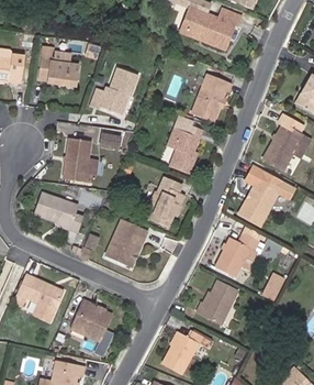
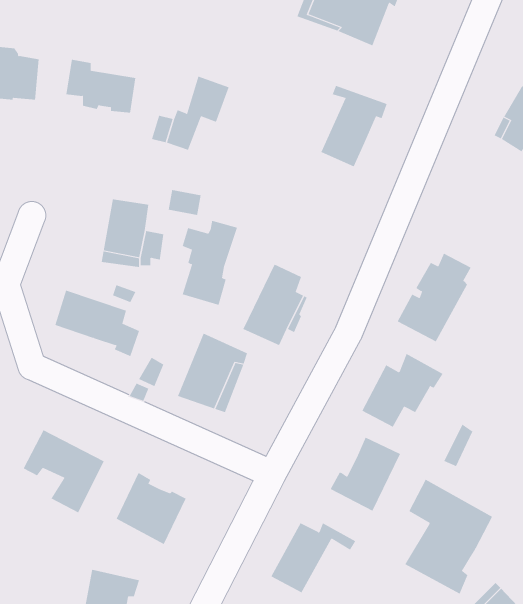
building: [261,114,304,169] -> none
building: [167,124,200,175] -> [182,220,238,306]
building: none -> [405,479,493,594]

